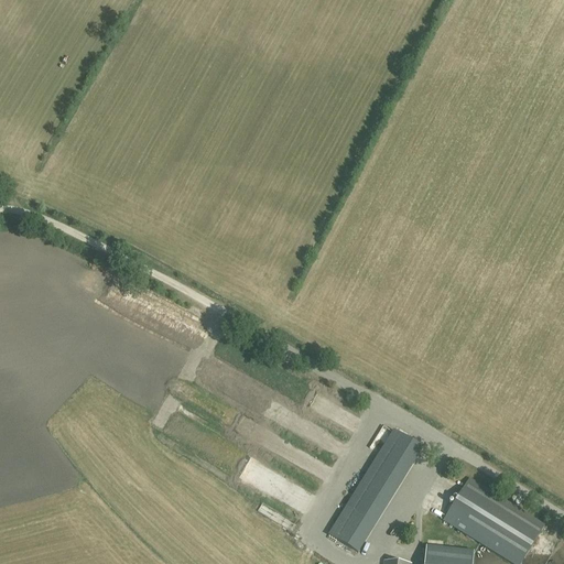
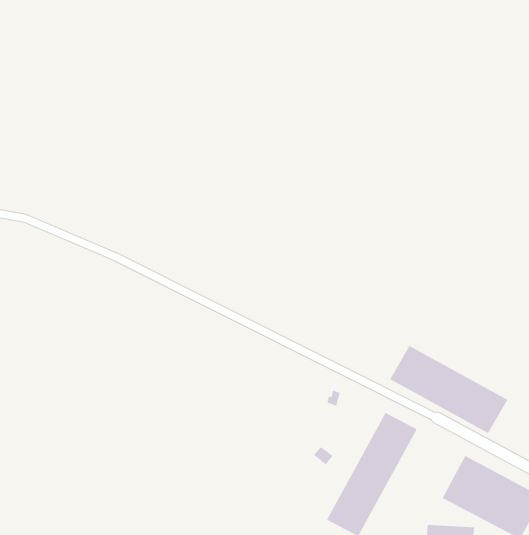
building: none -> [390,345,508,434]

